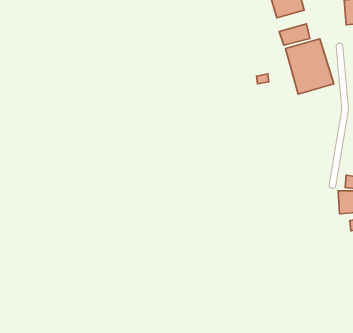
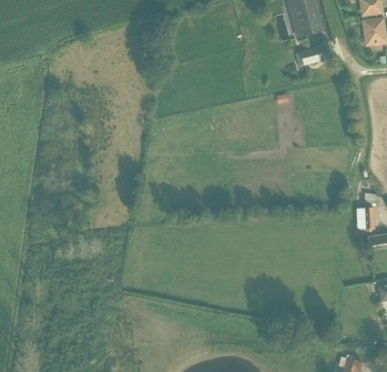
building: [286,39,334,94] -> none

